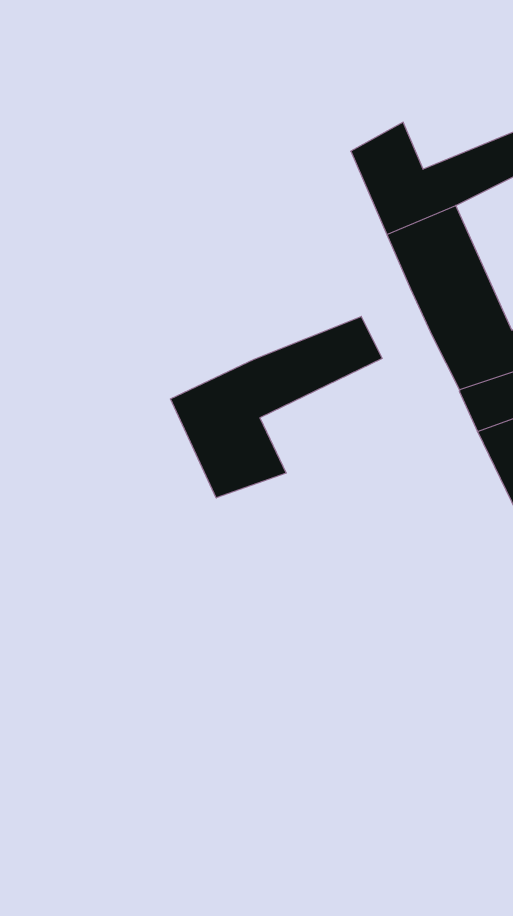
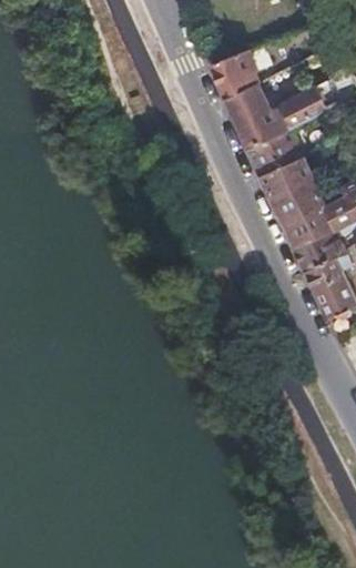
building: none -> [211,47,258,98]
building: [171,316,382,498] -> none

